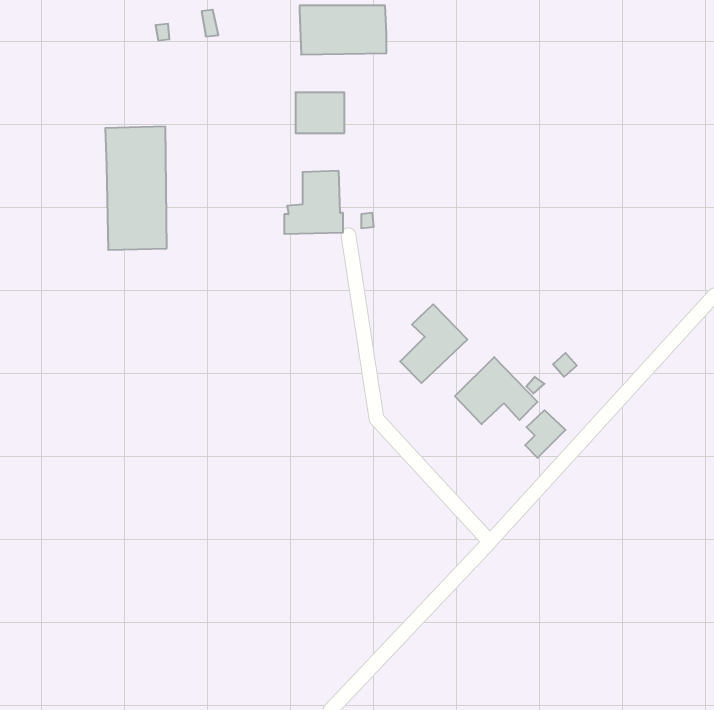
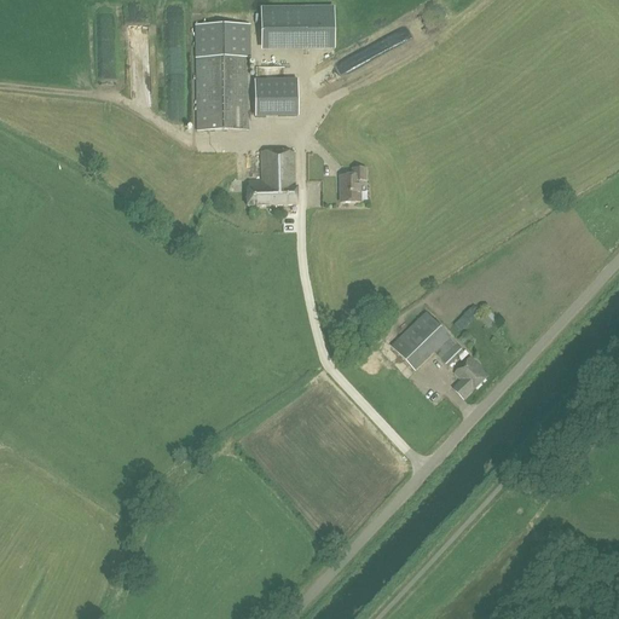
building: [105,127,167,250] -> [195,21,248,127]
building: none -> [339,162,366,198]
building: [400,304,467,383] -> none

